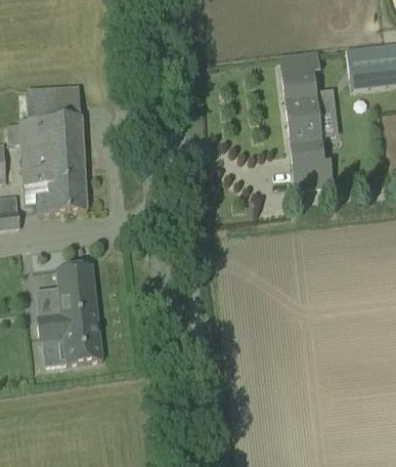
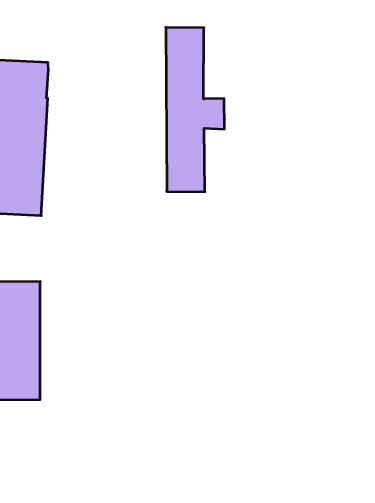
building: [280,54,337,189] -> [166,27,224,192]

